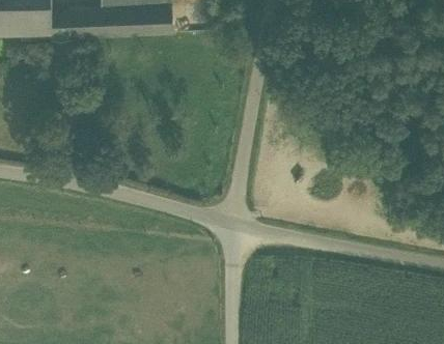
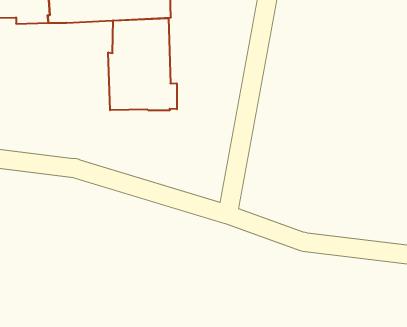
building: none -> [108,18,177,110]

